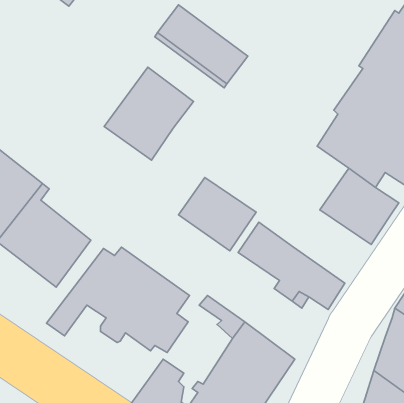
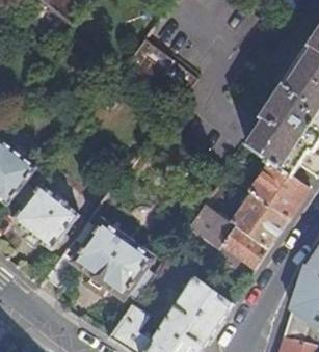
building: [104,67,194,160] -> none
building: [178,177,256,251] -> [230,191,288,246]

